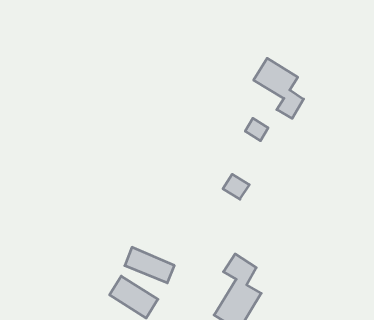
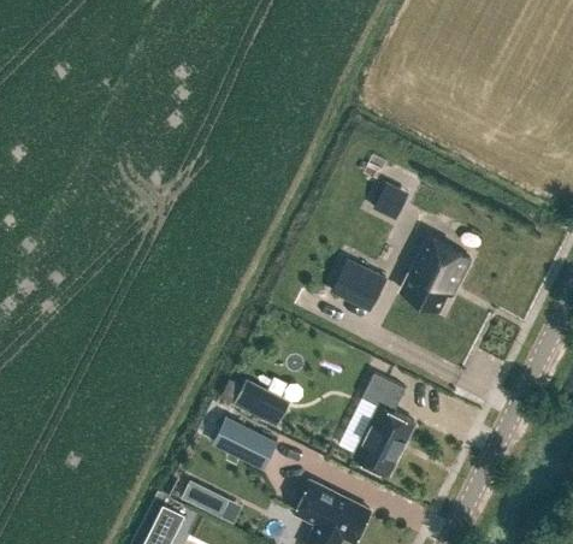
building: [254,58,304,118] -> none
building: none -> [401,238,471,311]

